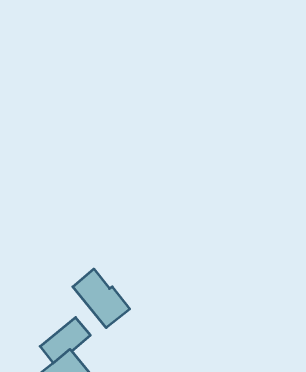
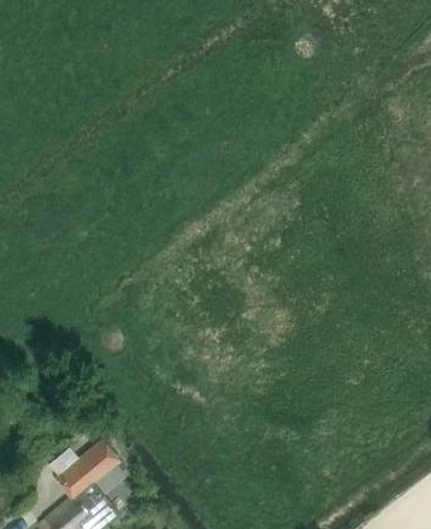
building: [73,269,130,328] -> none

